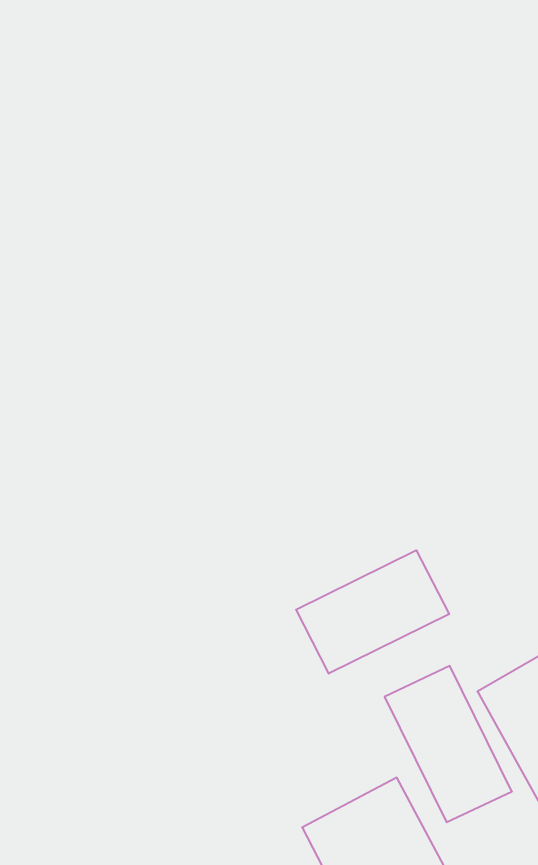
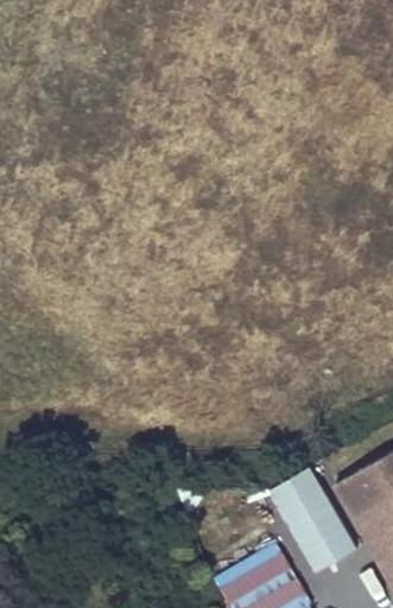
building: [296,550,449,674] -> none

